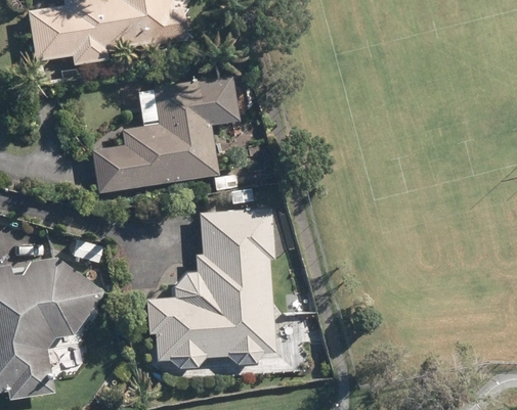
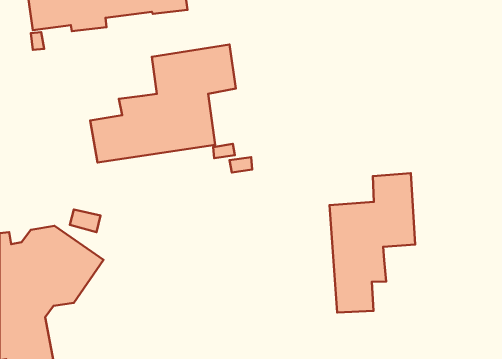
building: none -> [330,173,415,313]
building: [146,208,273,359] -> none

